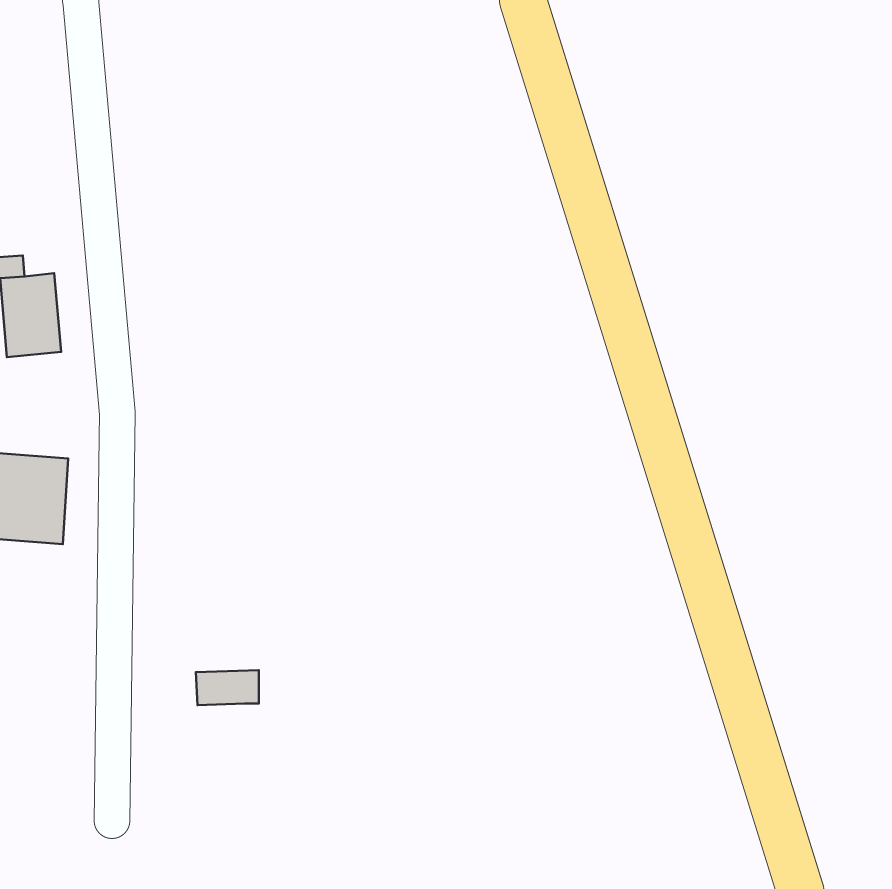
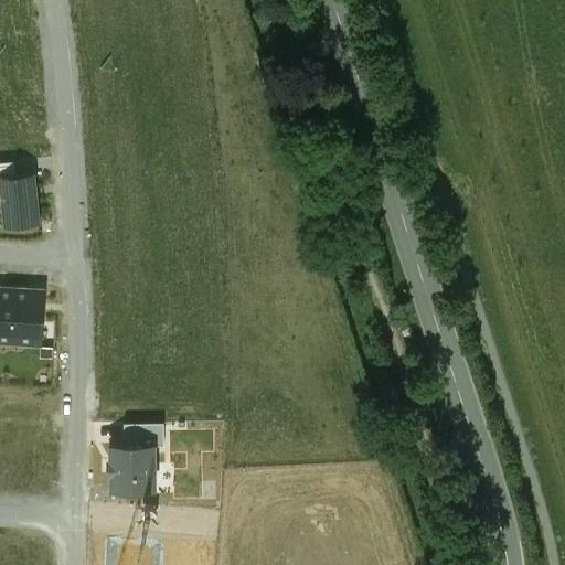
building: none -> [107,447,156,492]

